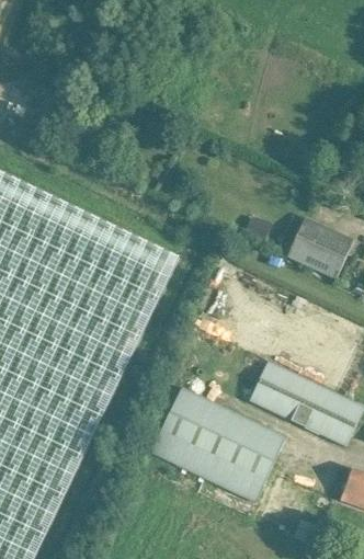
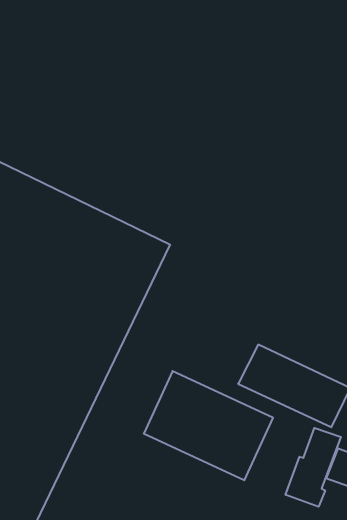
building: [287,217,354,280] -> none
building: none -> [286,428,341,507]

